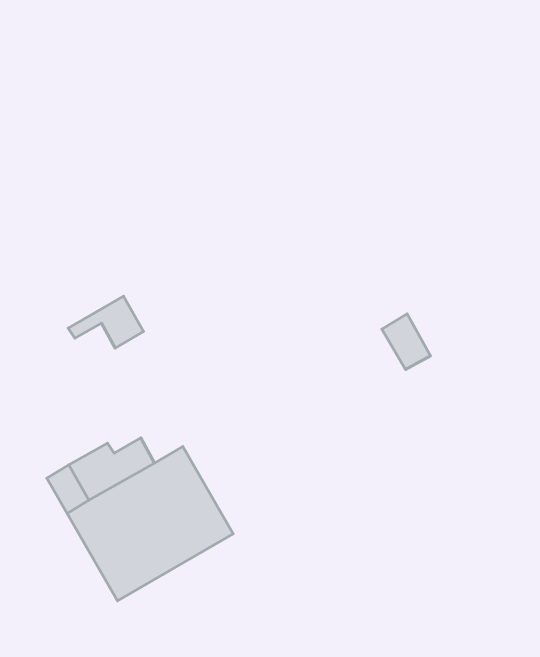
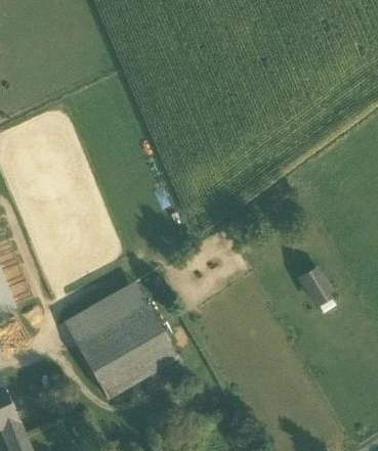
building: [68,296,144,348] -> [100,281,146,313]
building: [382,314,431,369] -> [301,269,331,303]

